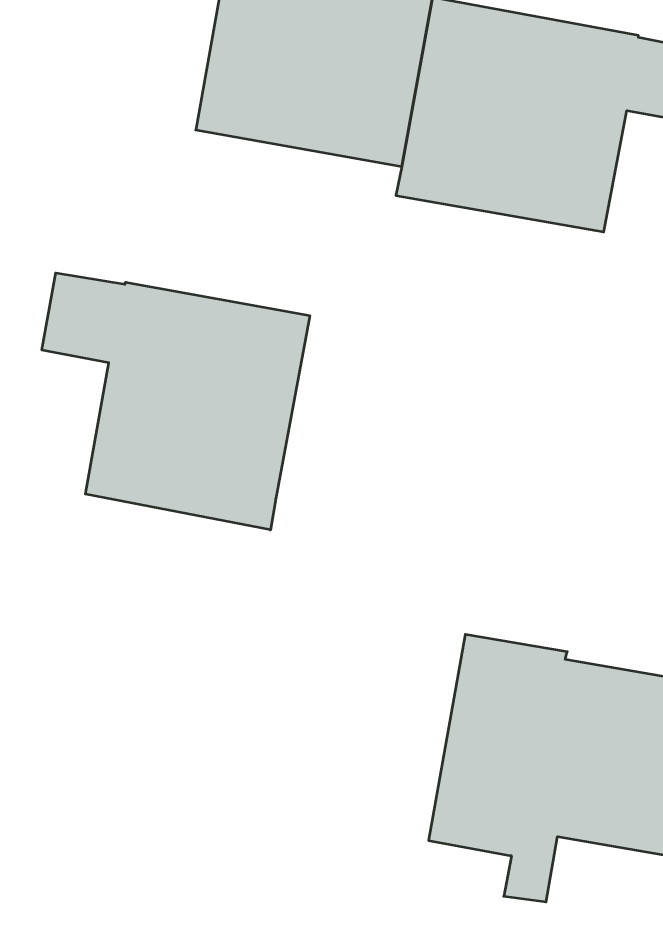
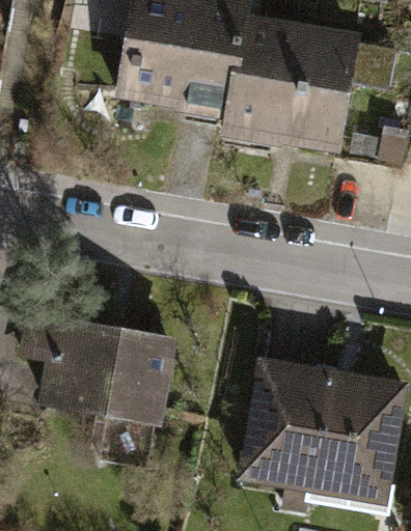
building: [42,273,310,530] -> none
building: none -> [26,285,172,464]

